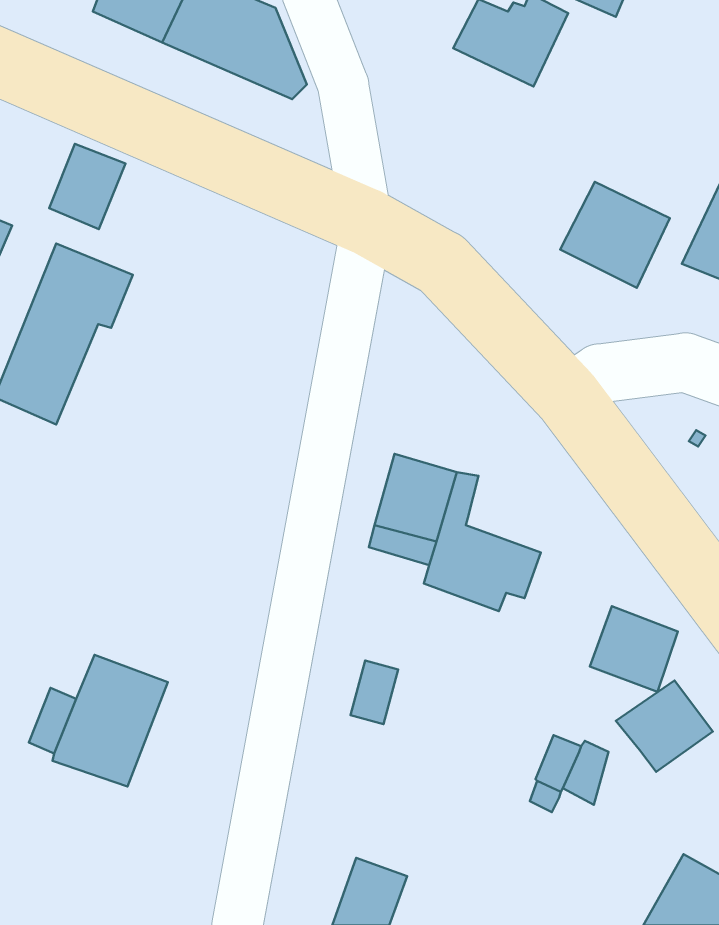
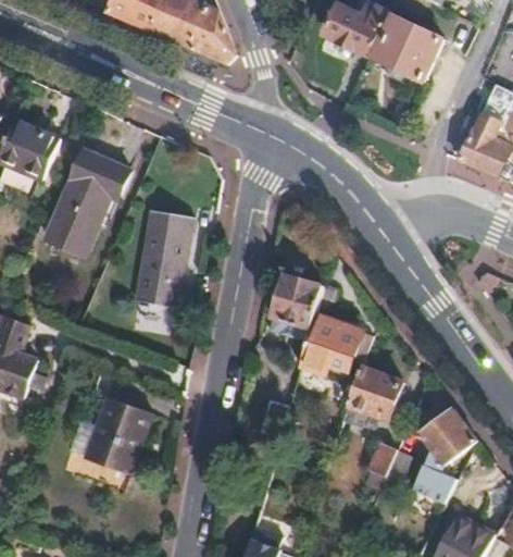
building: [49,144,125,229] -> none
building: [560,182,670,288] -> [373,18,438,82]
building: none -> [137,212,192,310]
building: [590,606,678,692] -> [347,367,399,418]
building: none -> [411,450,454,503]

